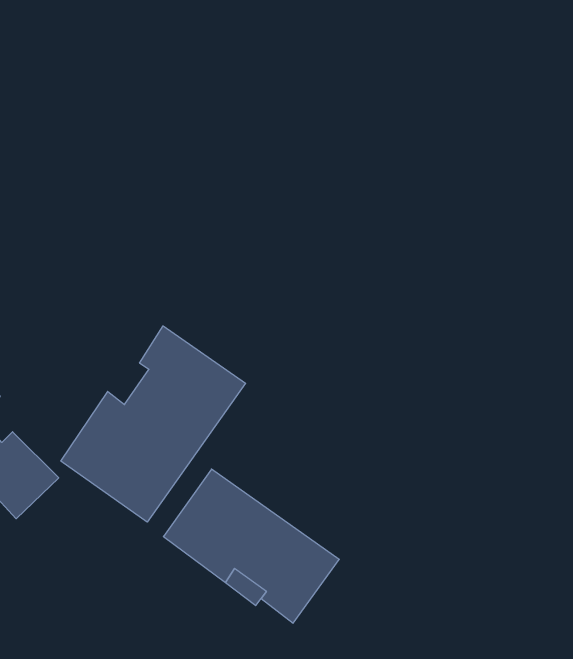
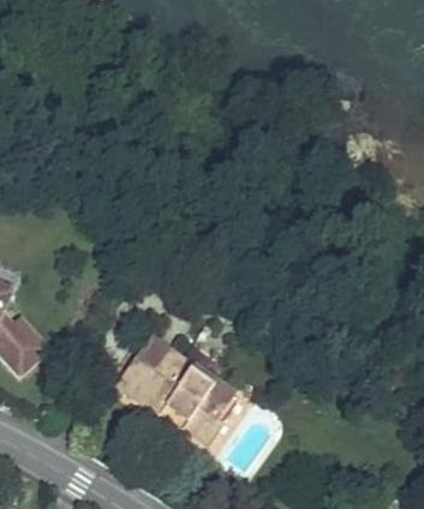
building: [61,326,246,522] -> none

